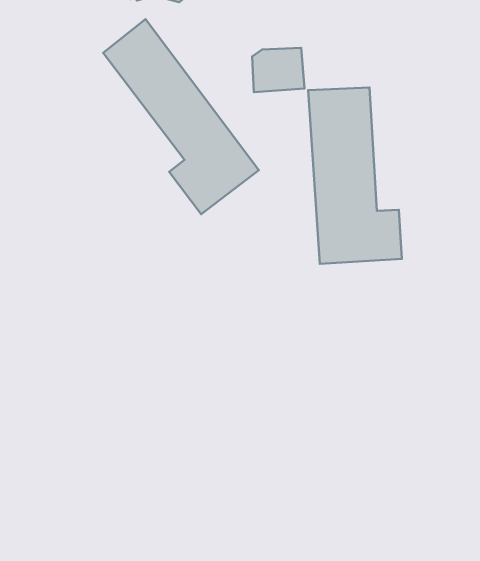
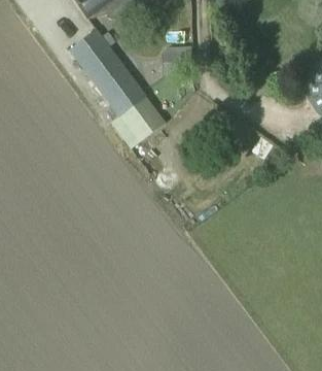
building: [308,87,402,264] -> none

